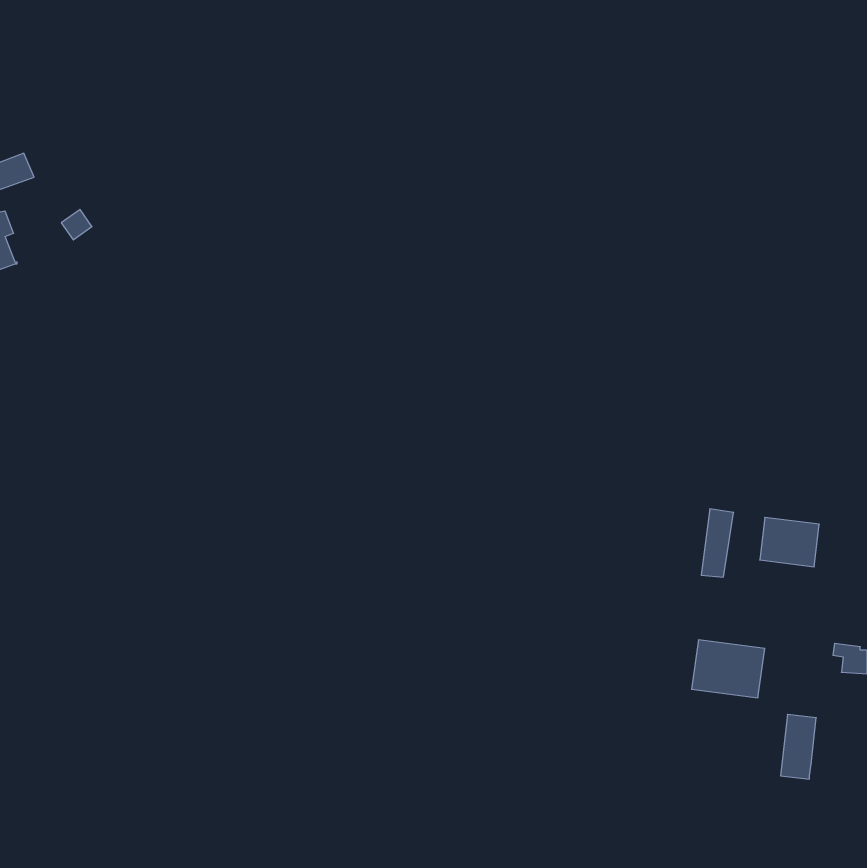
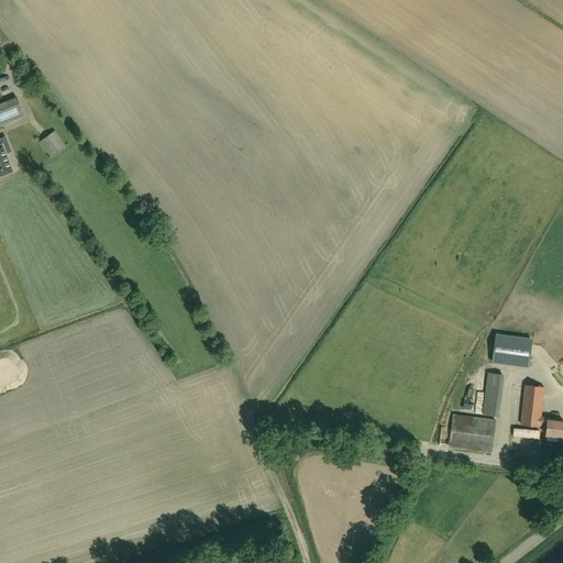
building: [701,509,734,577] -> [485,371,506,415]
building: [781,714,816,779] -> [519,384,542,426]

